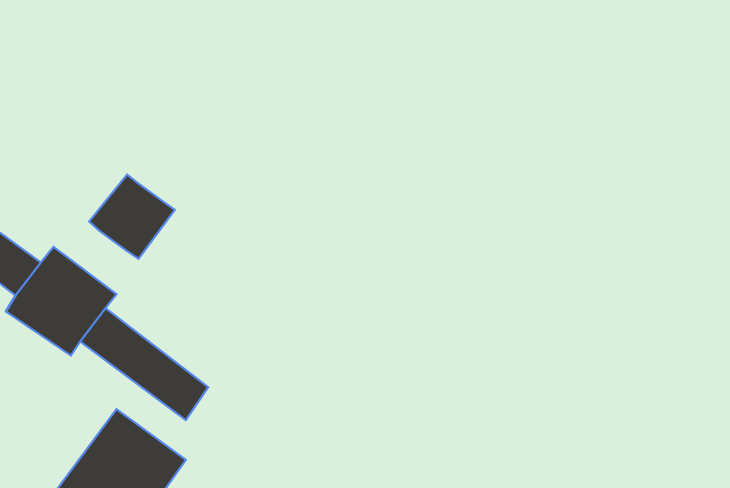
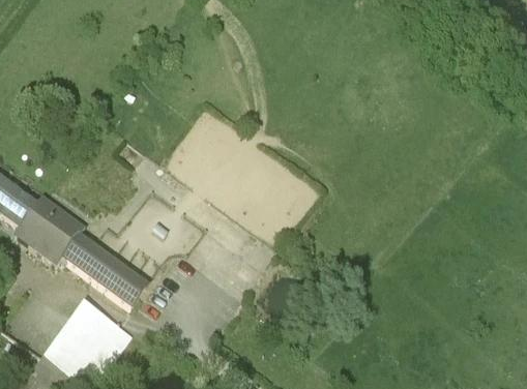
building: [89,175,175,259] -> none

